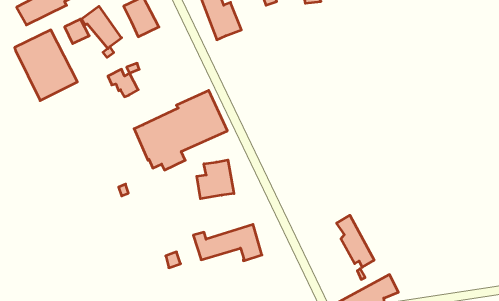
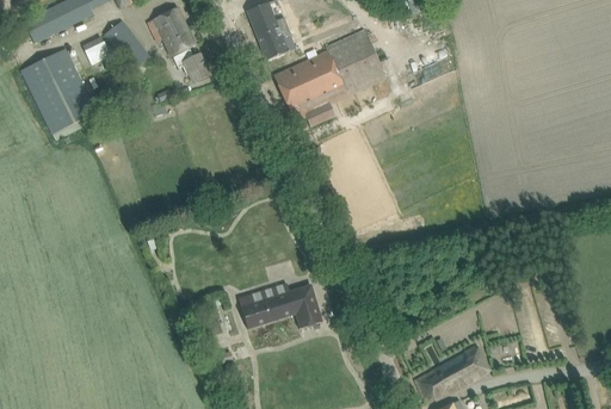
building: [108,69,138,97] -> [173,48,210,81]
building: [134,90,227,170] -> [273,29,387,125]
building: [197,160,234,199] -> none
building: [337,215,374,267] -> none

